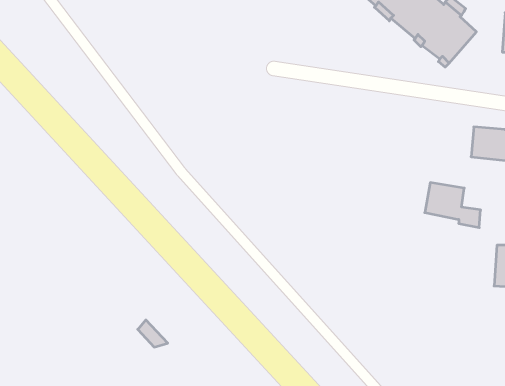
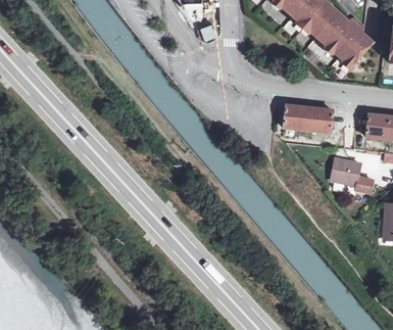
building: none -> [285,105,333,132]

